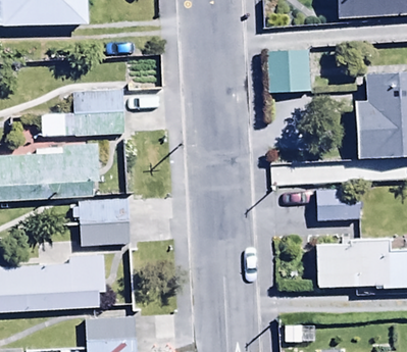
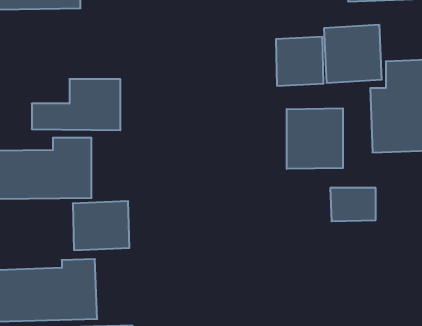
building: none -> [324,25,382,83]
building: none -> [287,108,343,169]
building: [315,239,391,286] -> none

